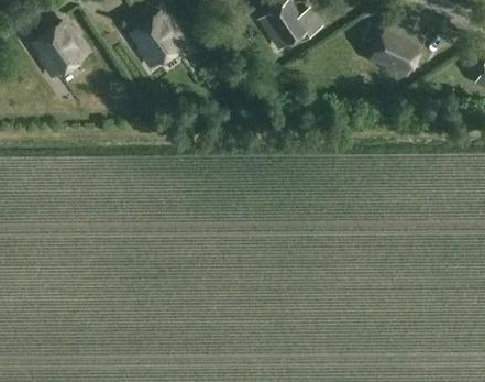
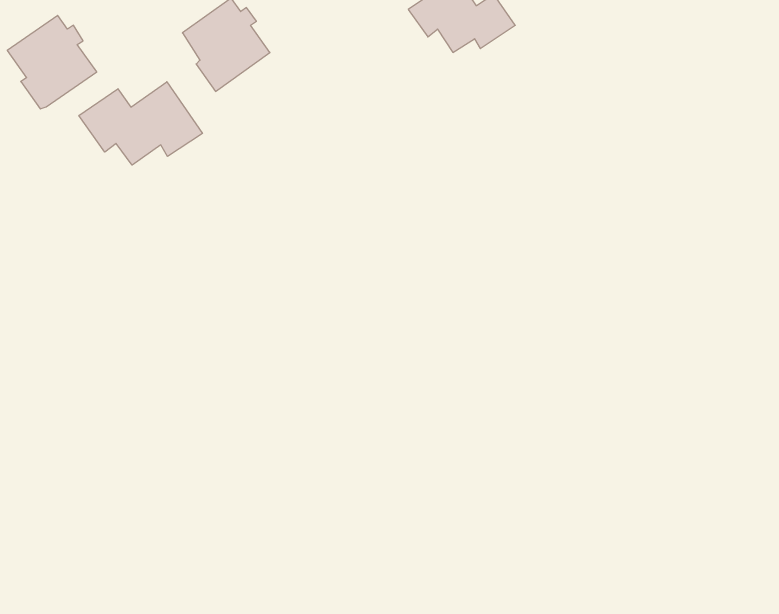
building: [371,21,420,72] -> none
building: none -> [79,82,202,165]

